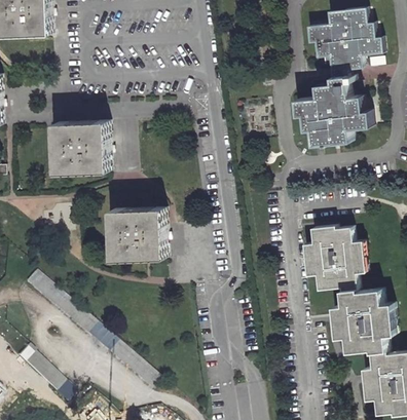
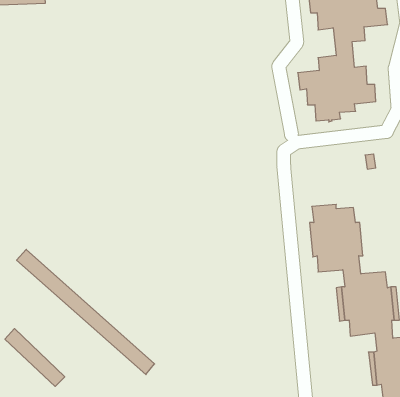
building: [55,120,111,171] -> none
building: [112,207,165,260] -> none

